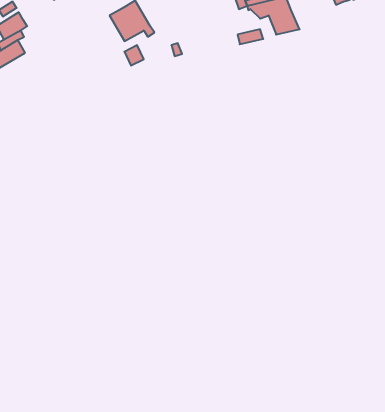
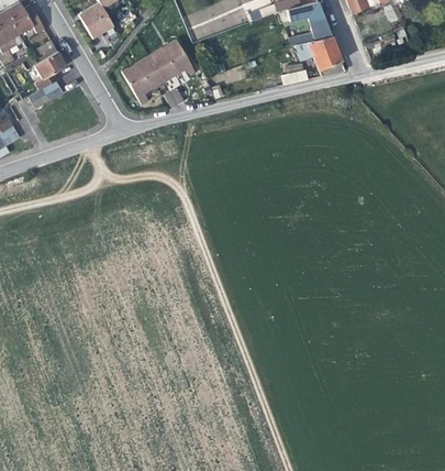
building: none -> [122,55,165,105]

